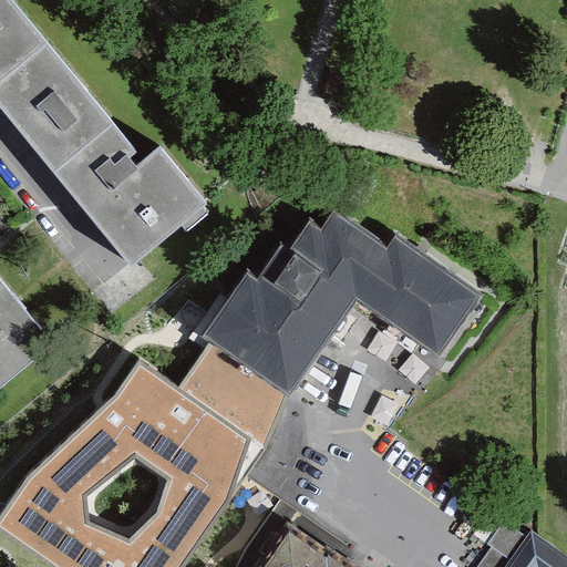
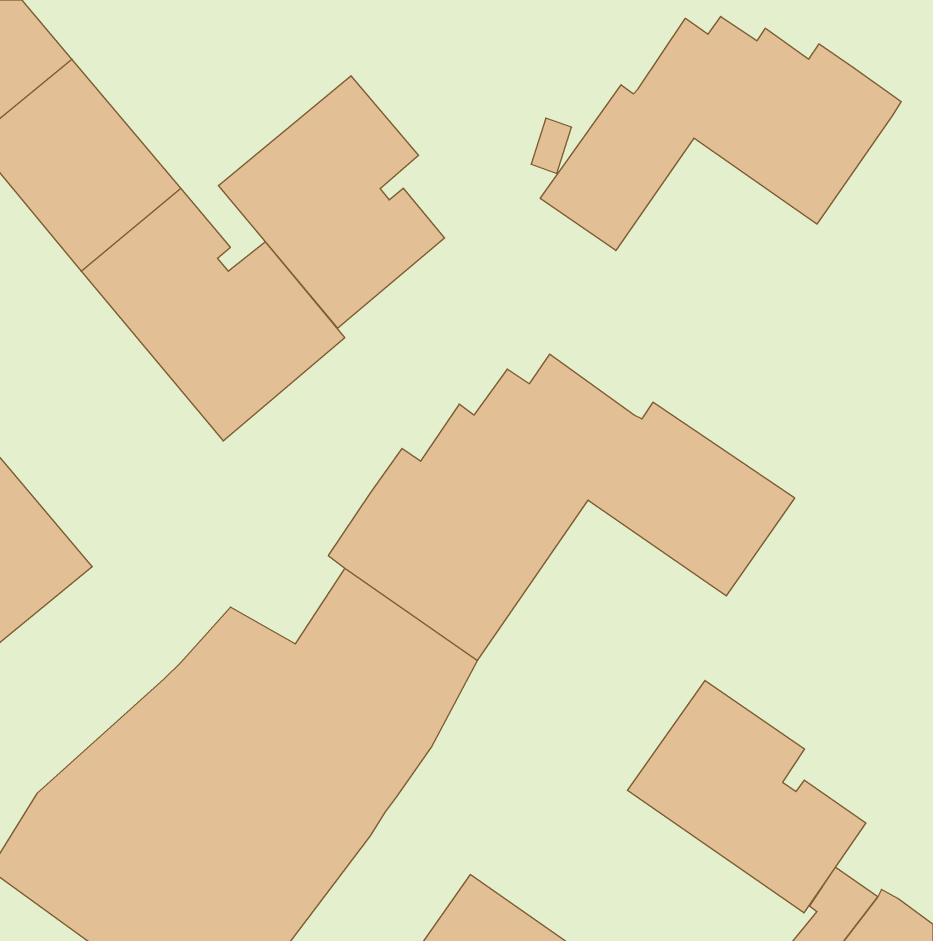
building: none -> [540,16,901,251]
building: none -> [218,76,445,328]
building: none -> [627,680,866,913]

